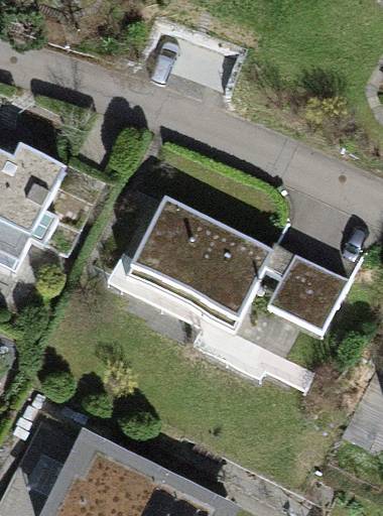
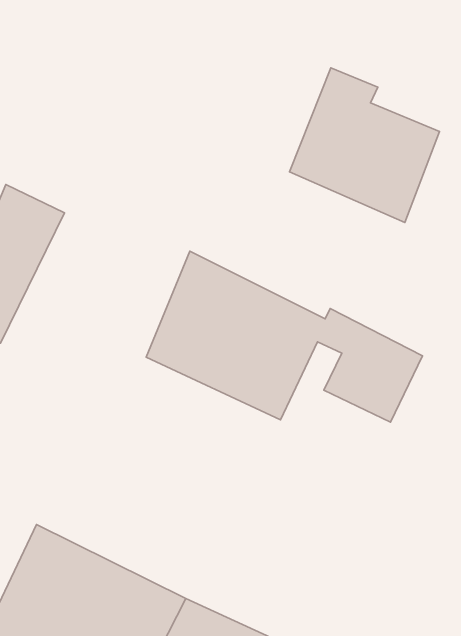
building: none -> [289,68,439,222]

